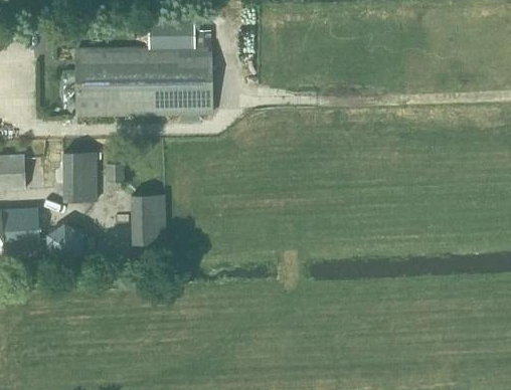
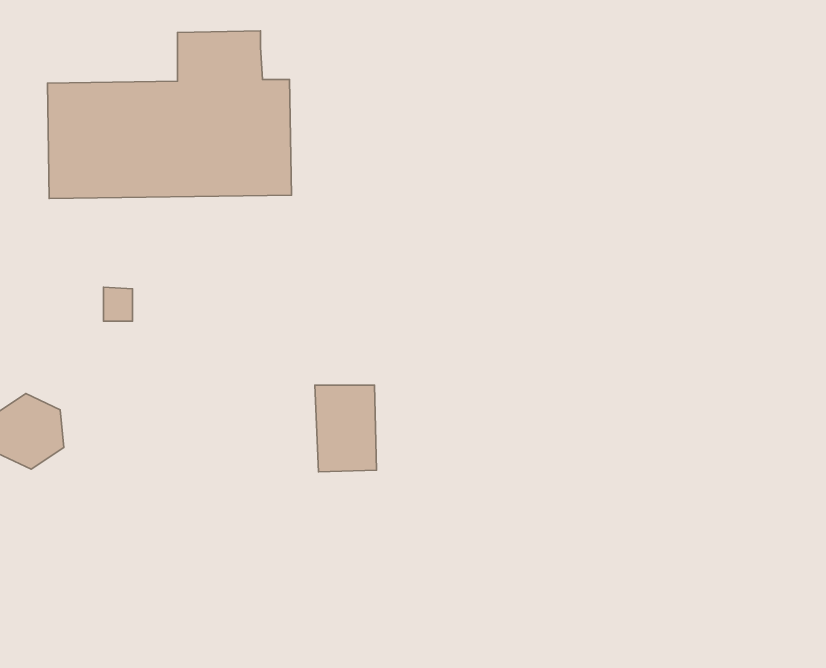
building: [63,151,96,200] -> none
building: [131,194,165,242] -> [315,385,376,472]

